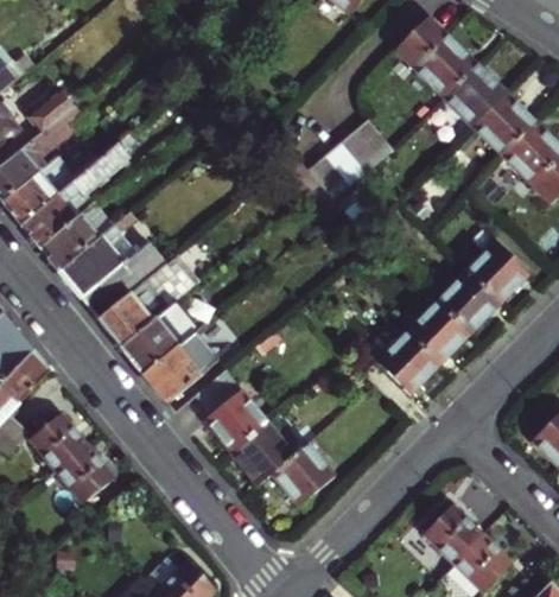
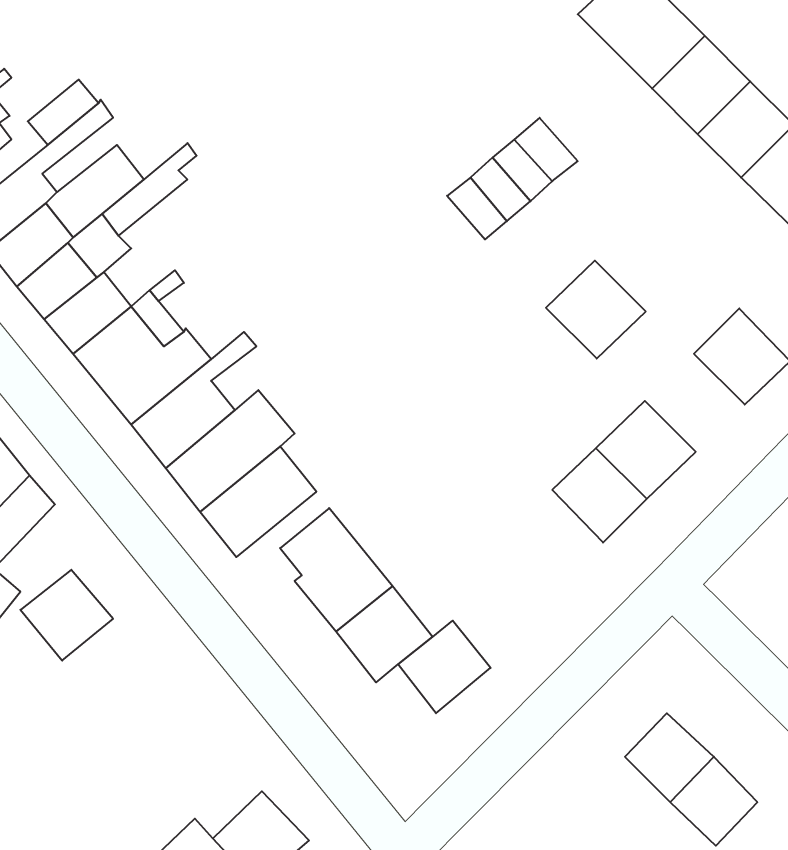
building: [434,271,500,335] -> [546,261,646,359]
building: [53,444,113,503] -> none

